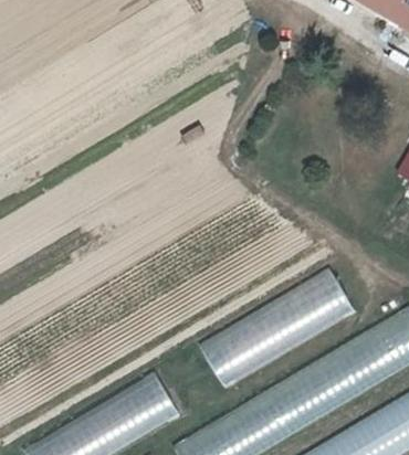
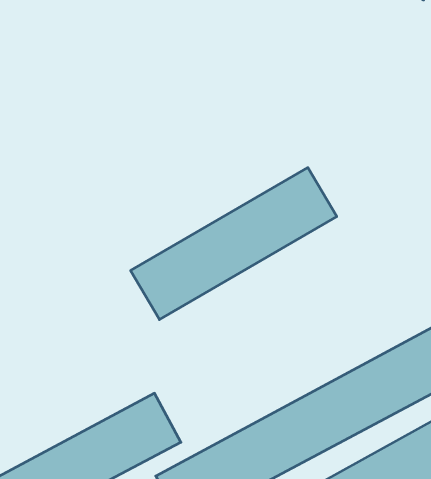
building: [178,266,359,400] -> [131,168,337,320]

